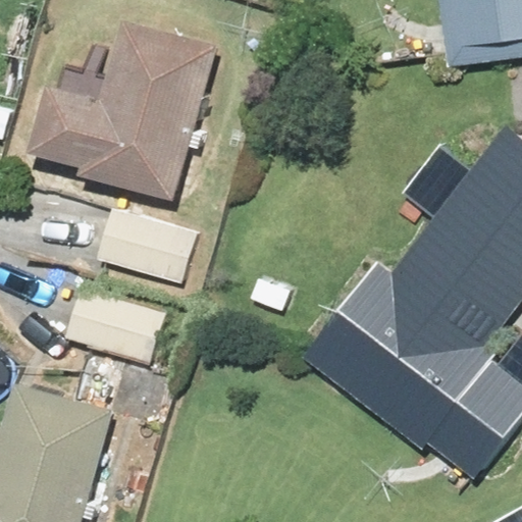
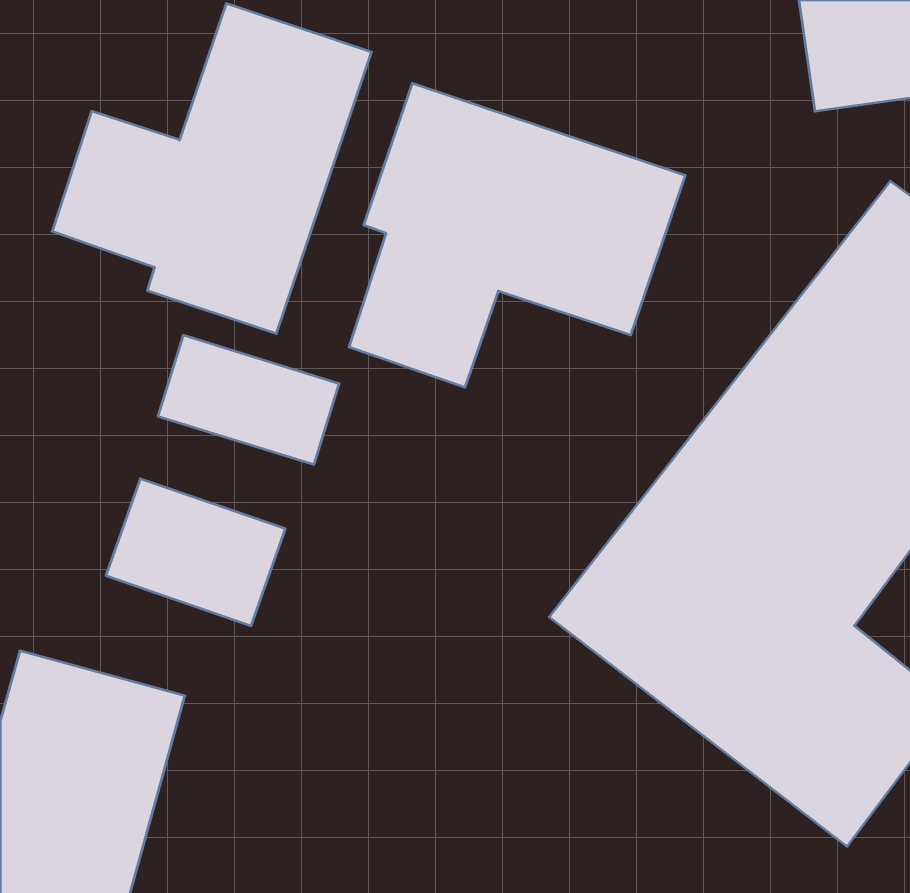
building: none -> [349,83,685,387]

